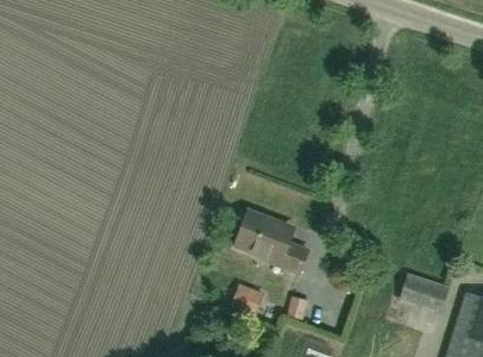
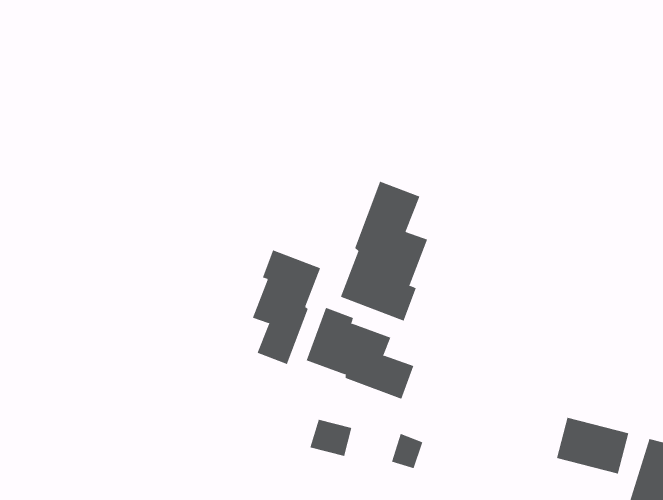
building: none -> [340,181,428,322]
building: none -> [252,250,321,365]

